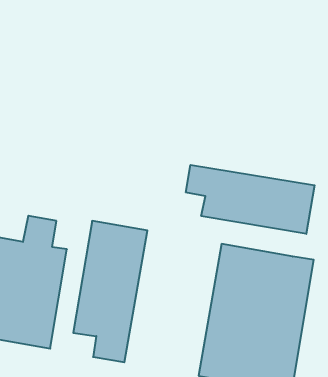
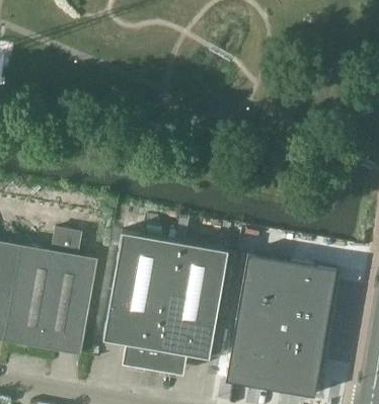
building: [186,165,315,234] -> none
building: none -> [152,240,227,374]

